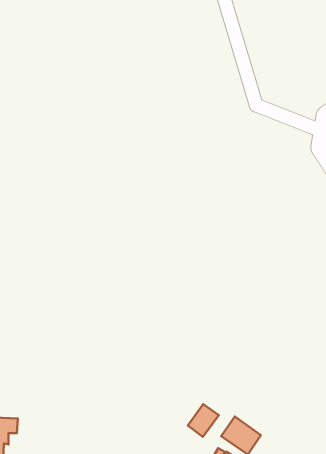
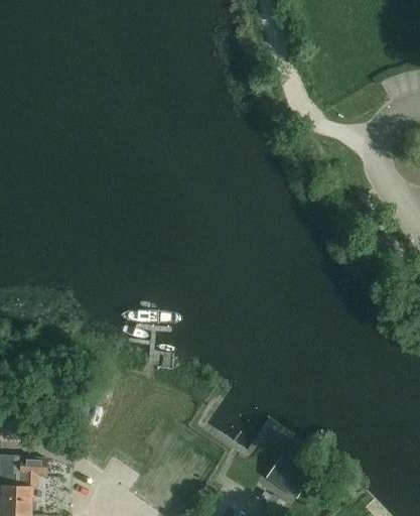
building: [188,404,219,437] -> none

